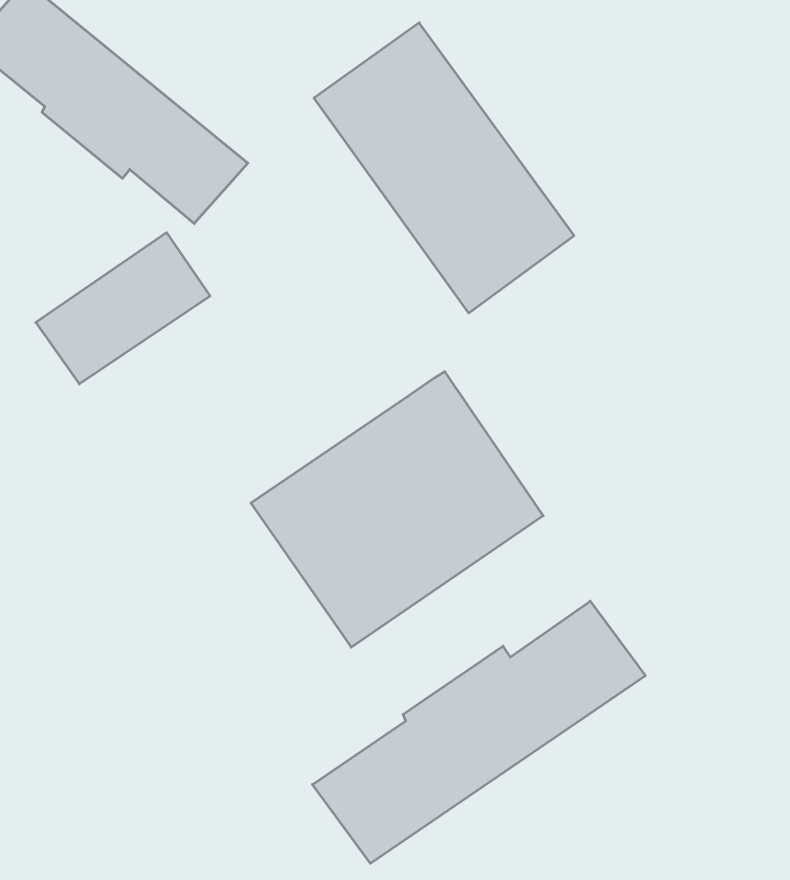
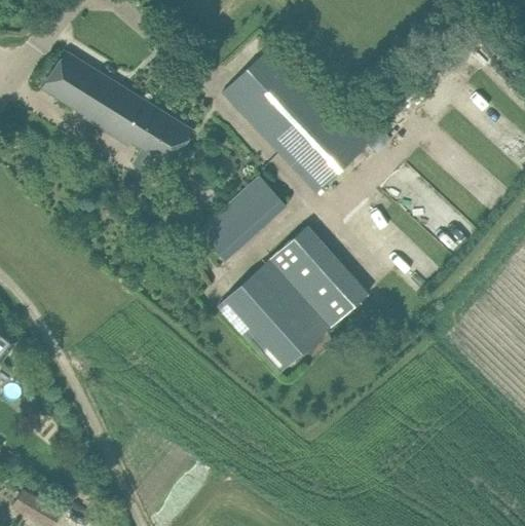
building: [36,233,210,384] -> [198,176,287,260]
building: [312,601,645,863] -> none

